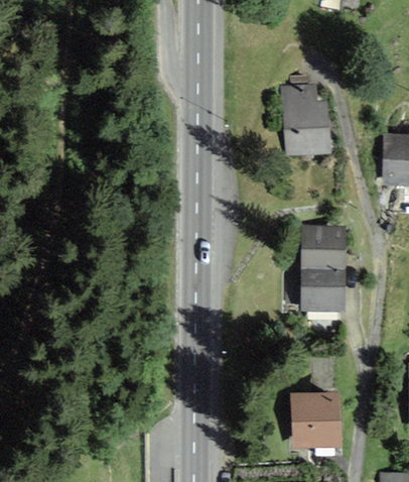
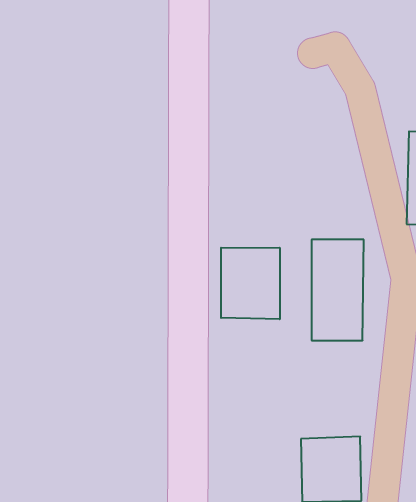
building: [283,85,331,157] -> none
building: none -> [221,248,280,319]

